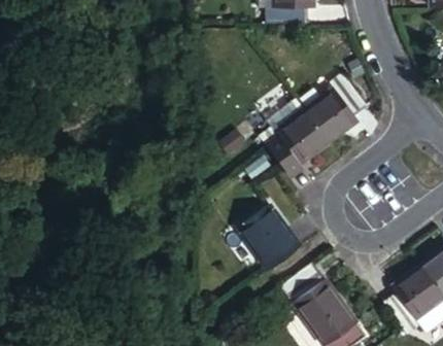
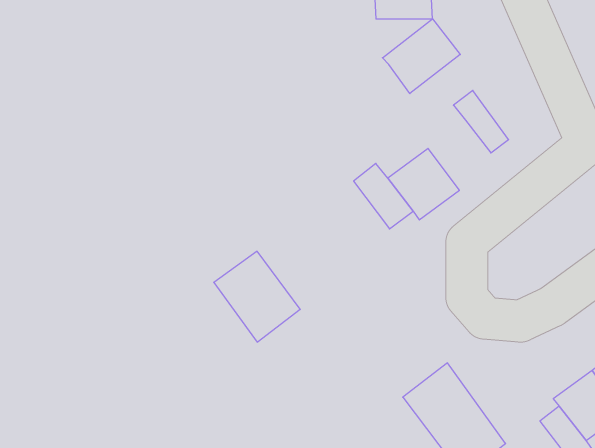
building: none -> [382,19,460,94]
building: [304,99,351,147] -> none
building: [243,211,303,274] -> [214,251,300,342]

